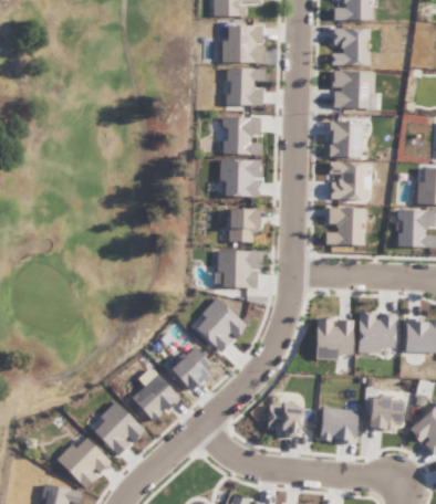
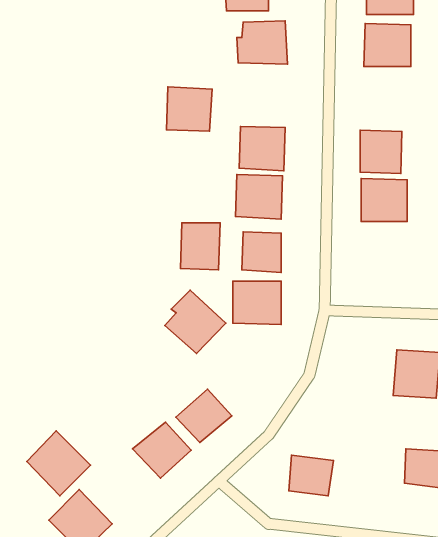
building: [225,66,264,105] -> [166,87,212,131]
building: [332,70,376,109] -> none
building: none -> [180,223,220,270]
building: [324,208,367,244] -> none
building: [194,296,247,351] -> [165,290,226,354]
building: [314,317,354,355] -> none
building: [90,399,145,455] -> [27,431,90,496]
building: [318,407,359,443] -> none

